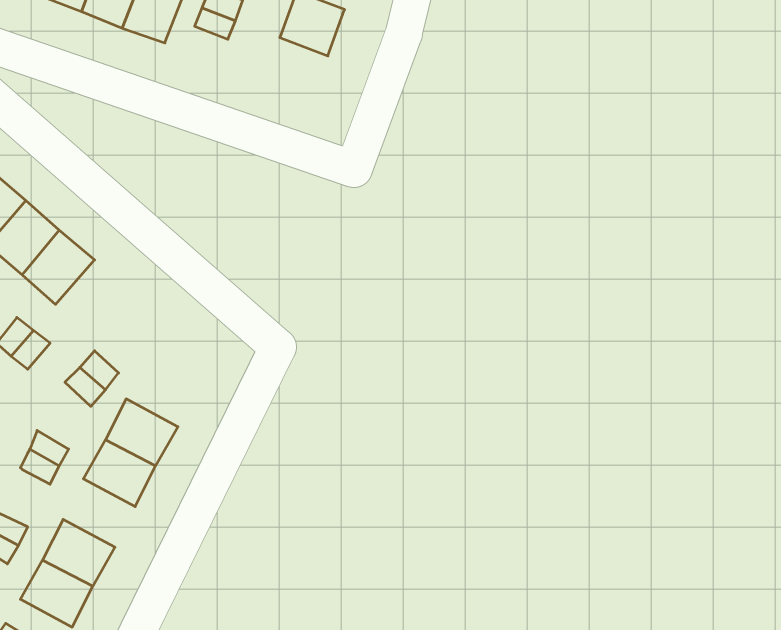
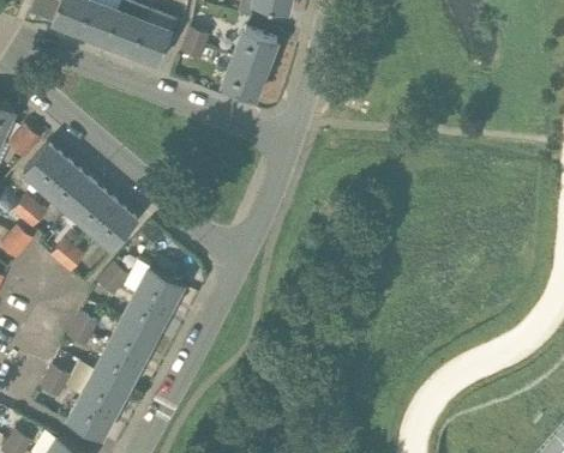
building: none -> [222,60,265,101]
building: none -> [84,204,136,256]
building: none -> [134,268,181,312]
building: none -> [94,345,140,389]

